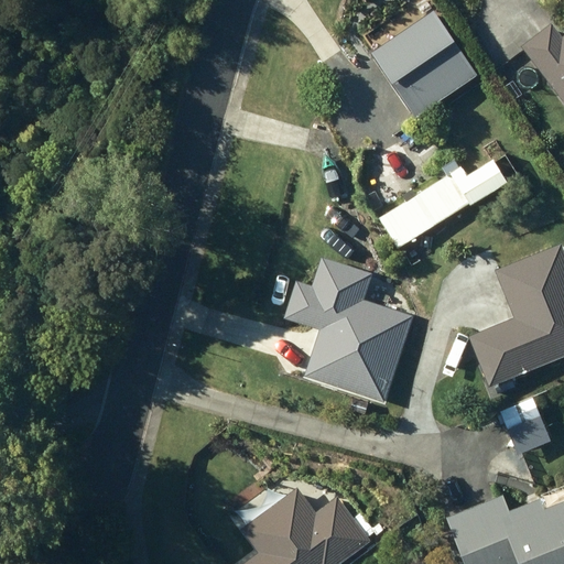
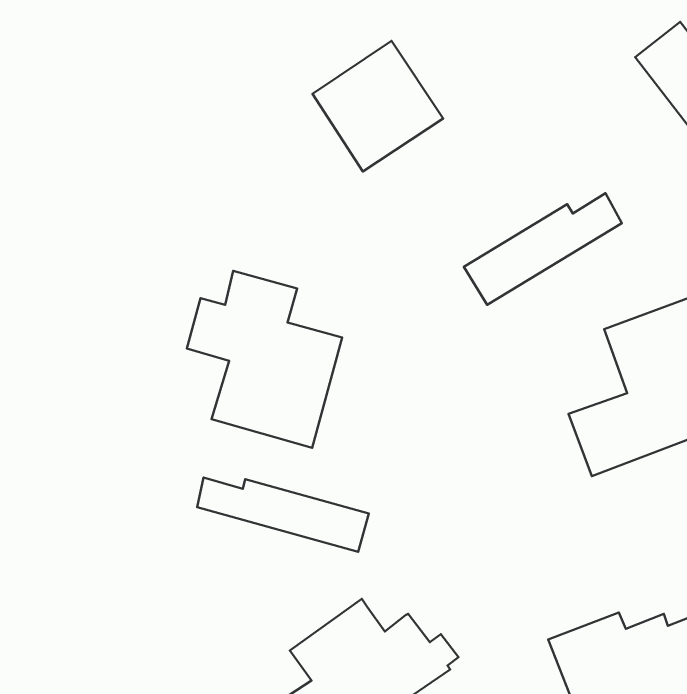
building: [369,12,475,118] -> [313,41,443,171]
building: [284,258,410,401] -> [187,271,342,448]
building: none -> [197,477,369,552]

